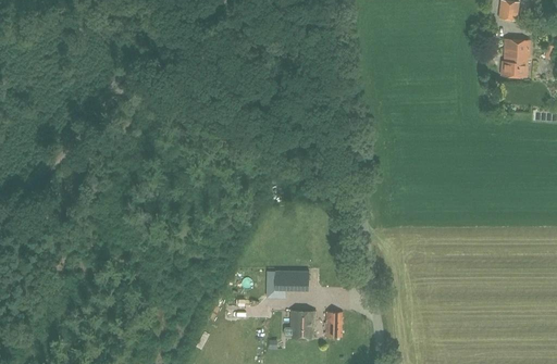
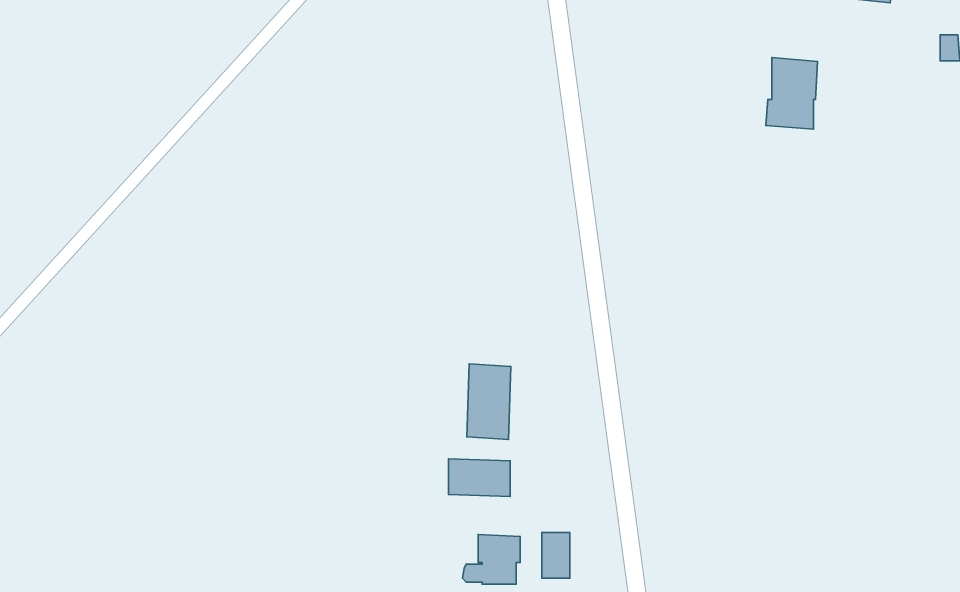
building: [500,38,529,77] -> [766,58,818,129]
building: none -> [467,364,511,440]

